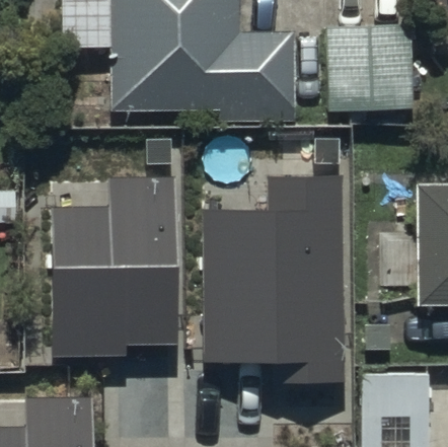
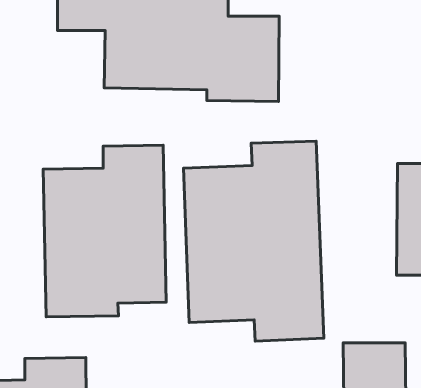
building: [326,27,418,111] -> none

